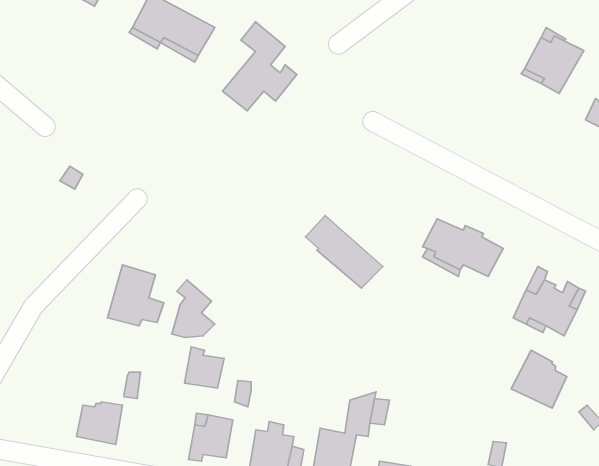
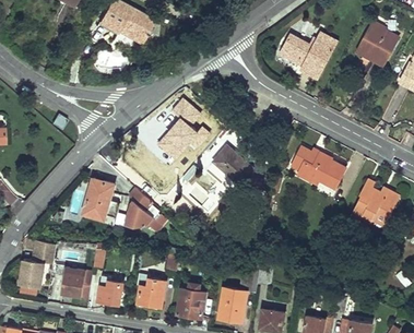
building: [223,22,297,111] -> [158,98,208,157]
building: none -> [282,34,336,78]
building: [185,347,224,388] -> [96,276,122,304]
building: [511,350,567,408] -> none
building: none -> [20,239,56,283]

